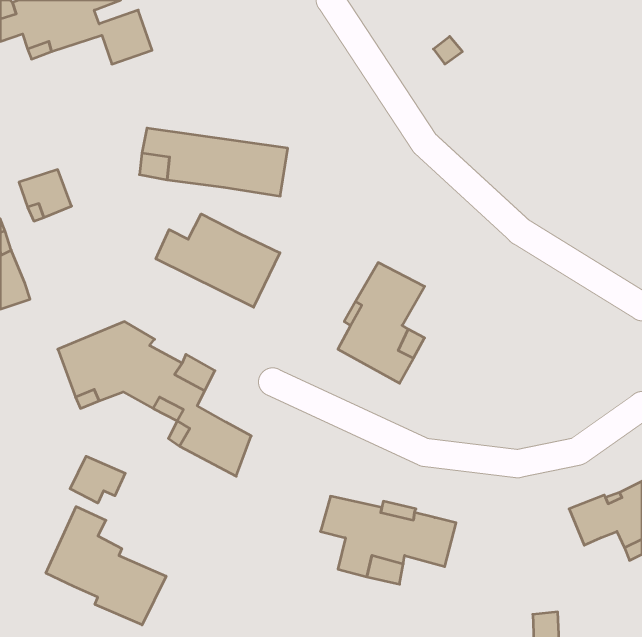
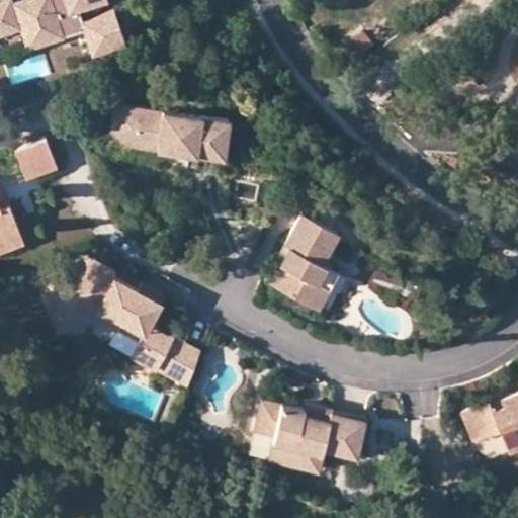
building: [156,214,280,307] -> none
building: [70,456,125,503] -> none
building: [46,507,166,625] -> none

